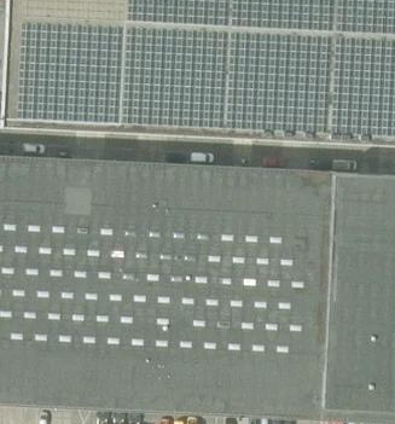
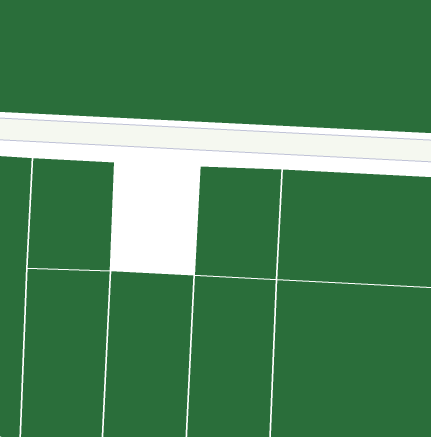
building: [104,167,181,265] -> none

